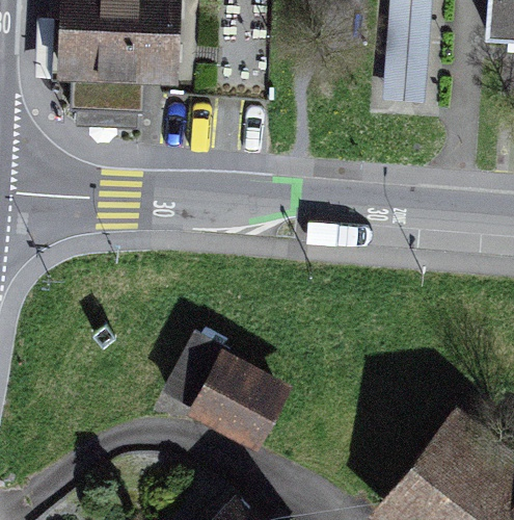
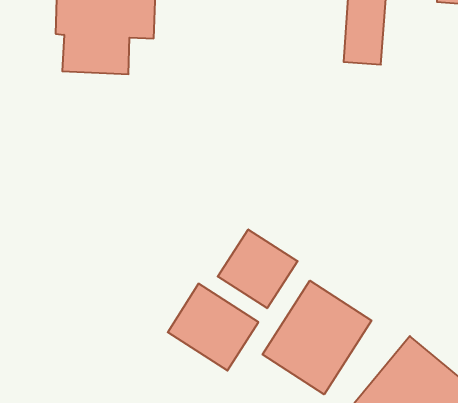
building: none -> [218,229,298,308]
building: none -> [263,281,371,394]

